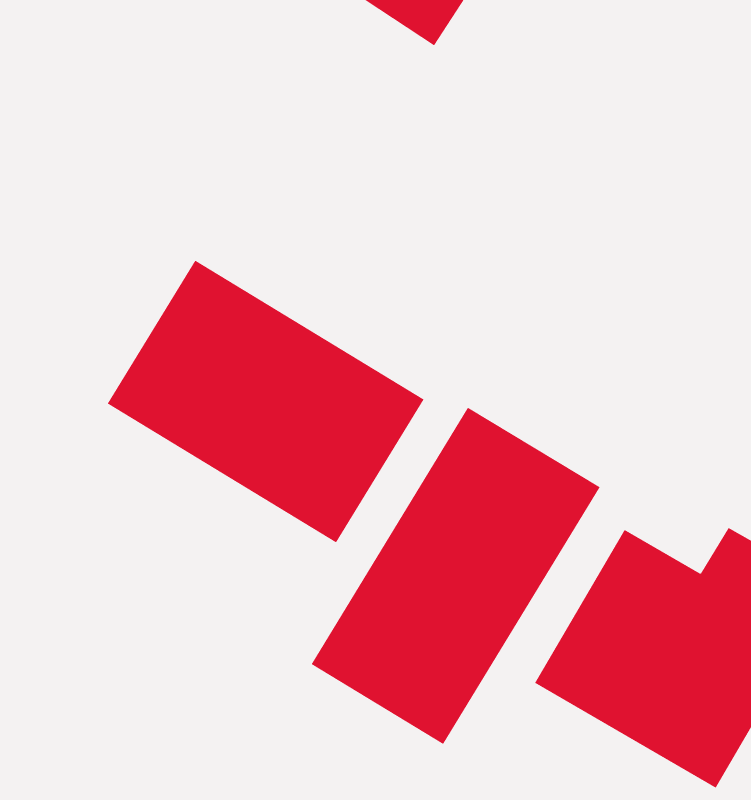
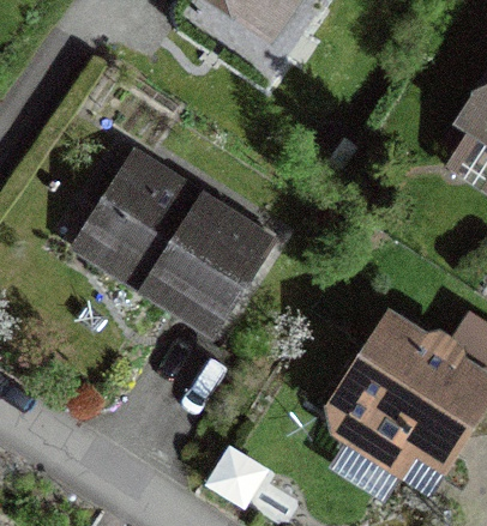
building: [311,407,600,745] -> none

